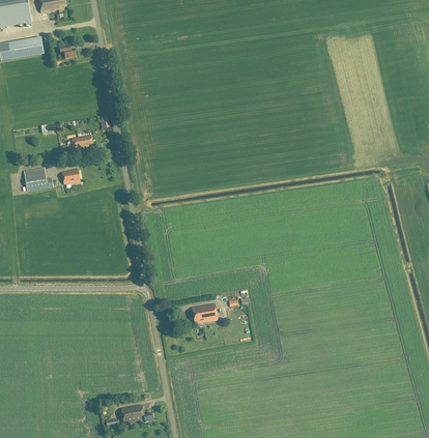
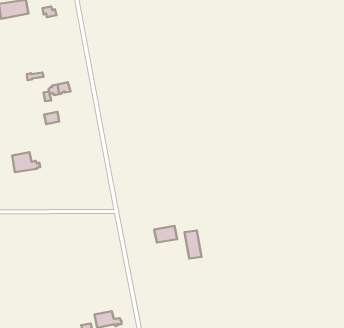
building: [23,167,56,191] -> [12,152,40,172]
building: none -> [184,231,202,258]

